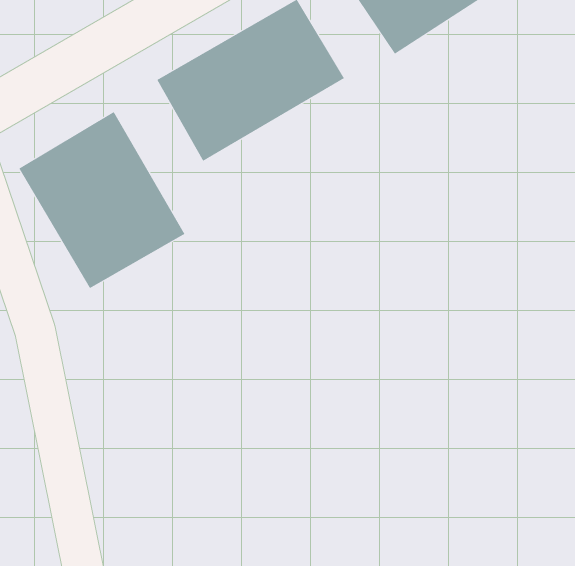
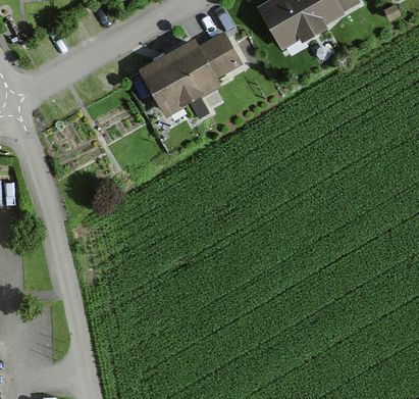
building: [19,111,185,289] -> none

